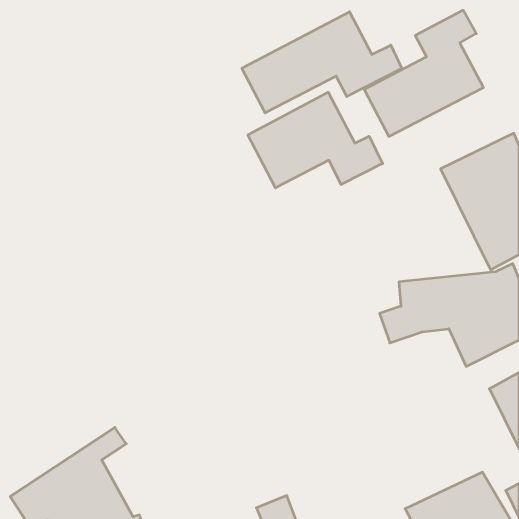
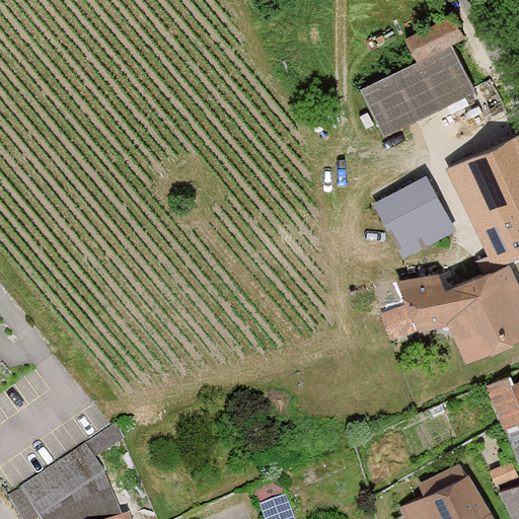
building: [242,12,402,113] -> none
building: [248,92,383,188] -> none
building: none -> [371,173,456,260]

